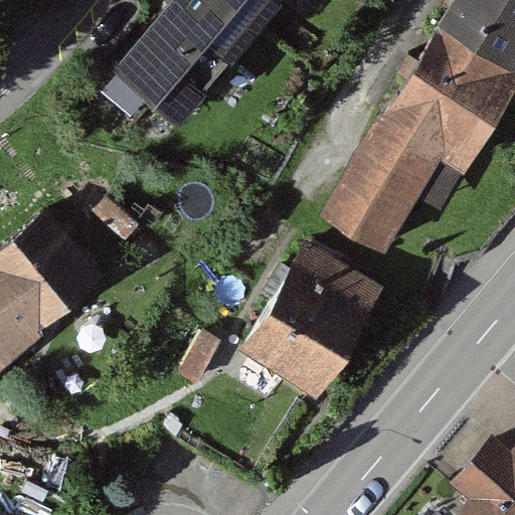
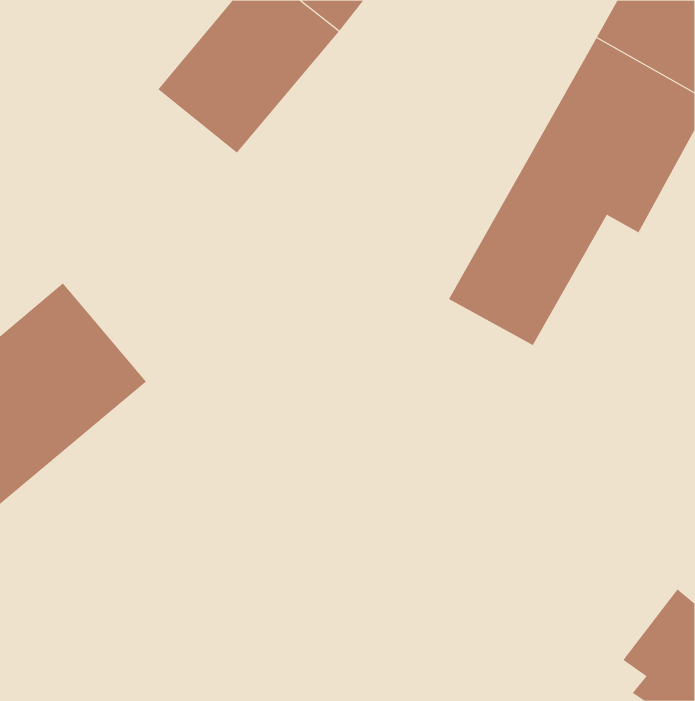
building: [242,243,383,401] -> none

